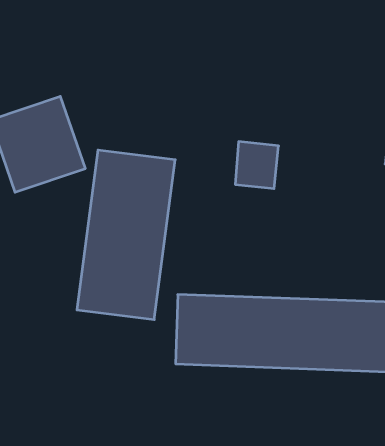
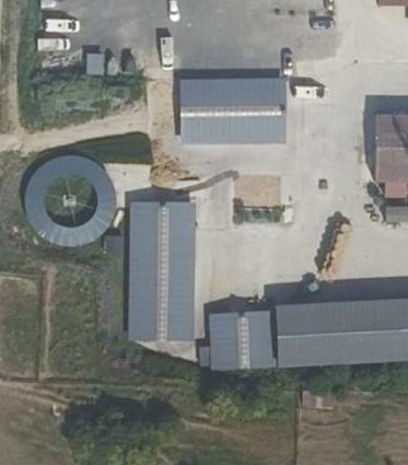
building: none -> [179,79,288,142]

